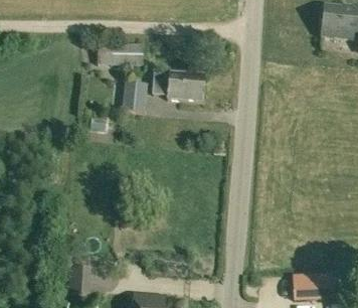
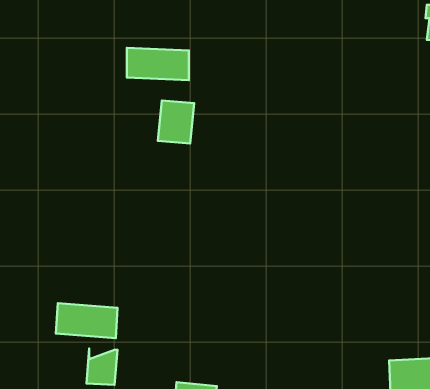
building: [153,71,205,101] -> none
building: none -> [56,303,118,338]

